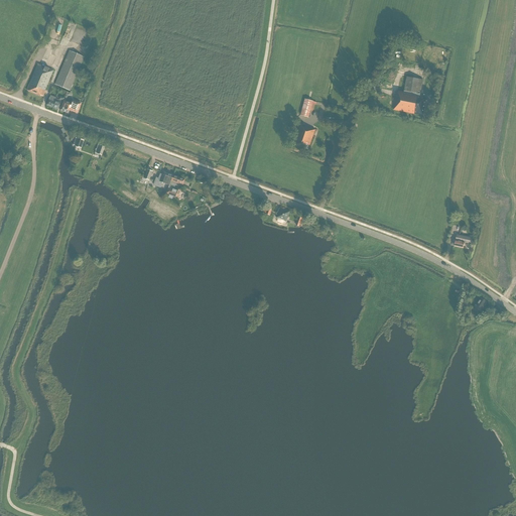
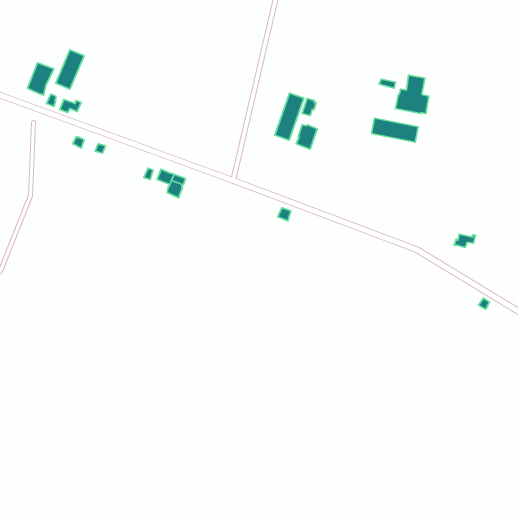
building: none -> [275,93,304,140]
building: none -> [371,118,418,142]

